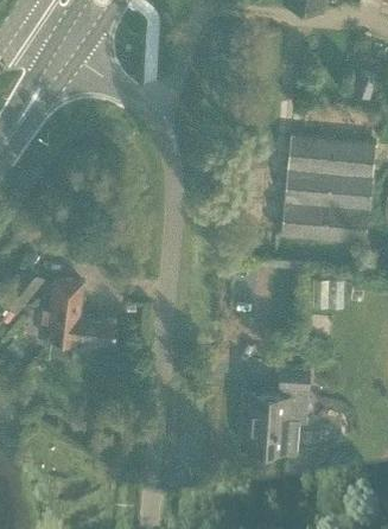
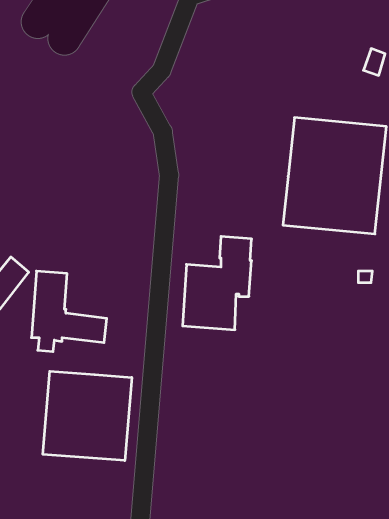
building: [247,367,311,453] -> [183,236,252,330]
building: none -> [43,371,132,461]

